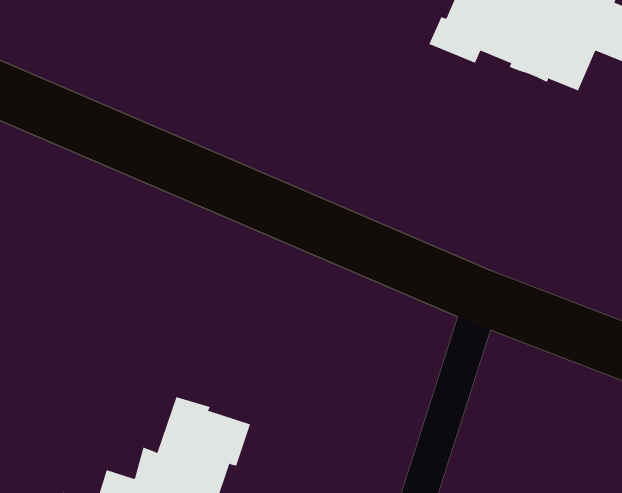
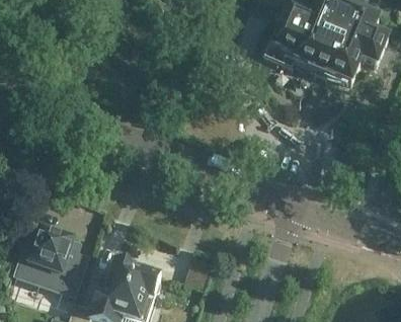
building: none -> [24,225,90,304]

